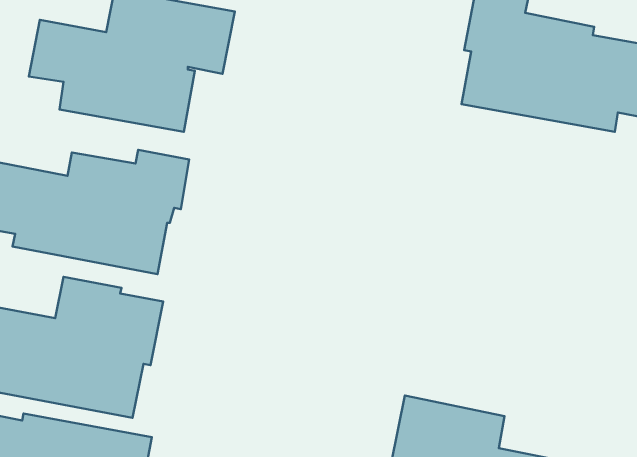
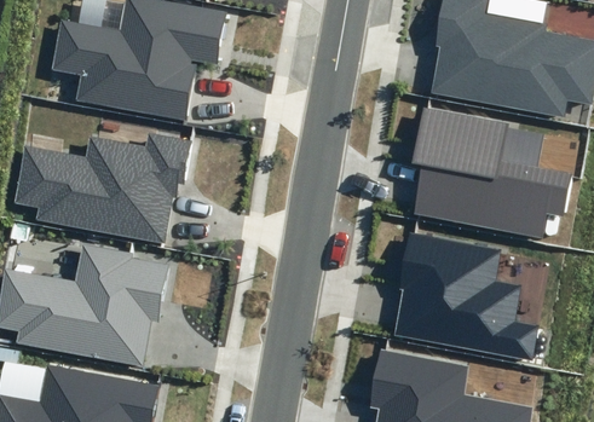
building: none -> [413,108,573,237]
building: none -> [394,232,540,360]

